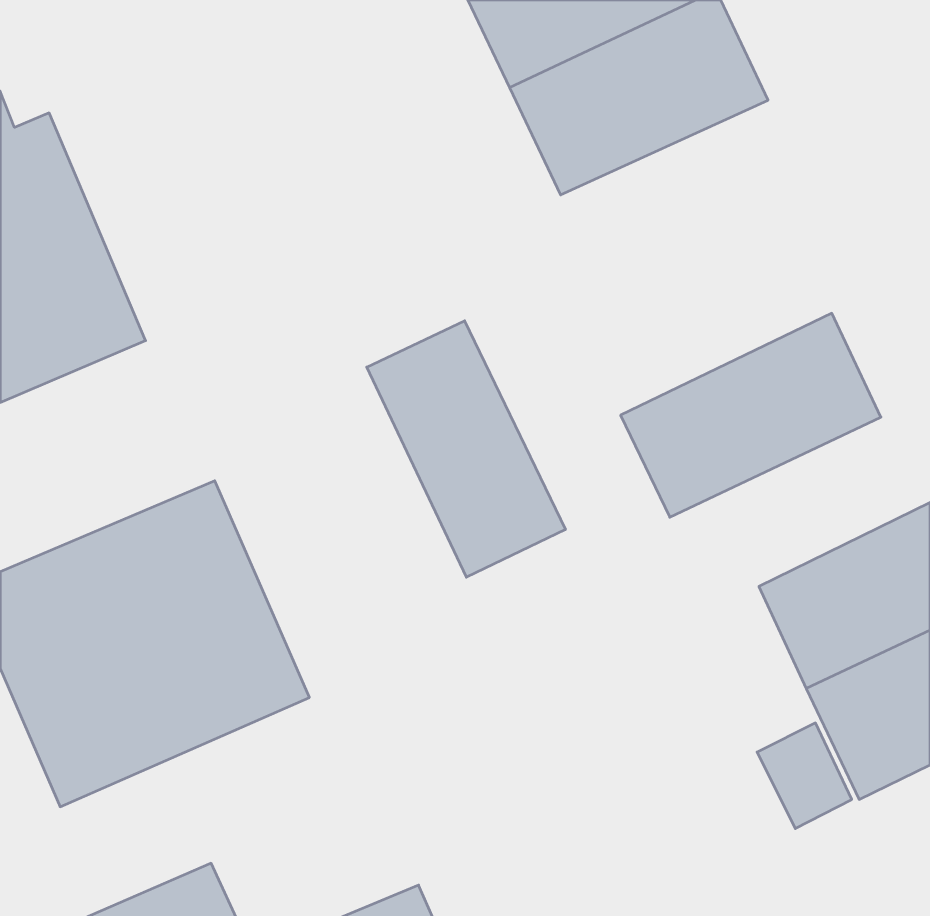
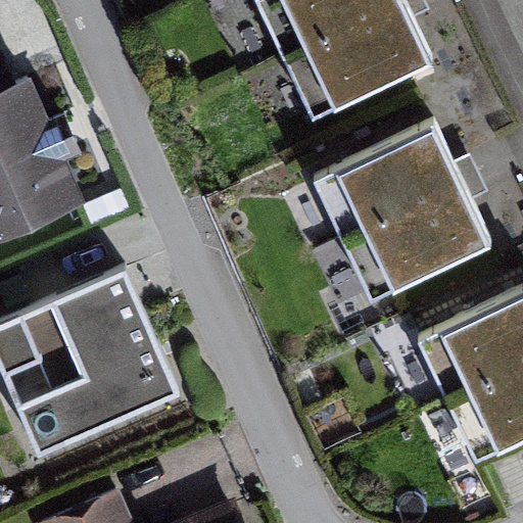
building: none -> [320,126,467,241]
building: [367,321,565,577] -> none

